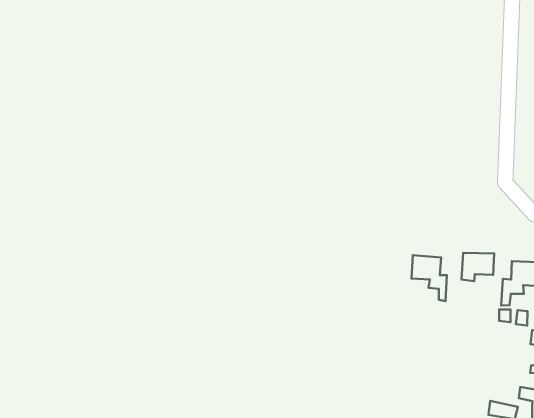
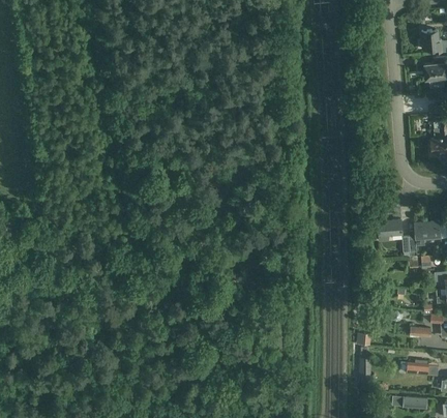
building: [412,255,447,301] -> none

